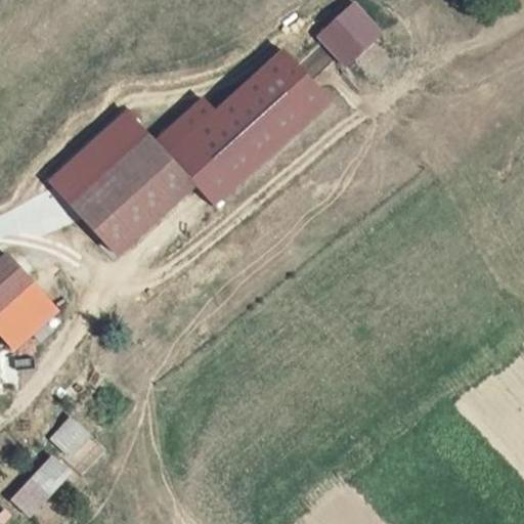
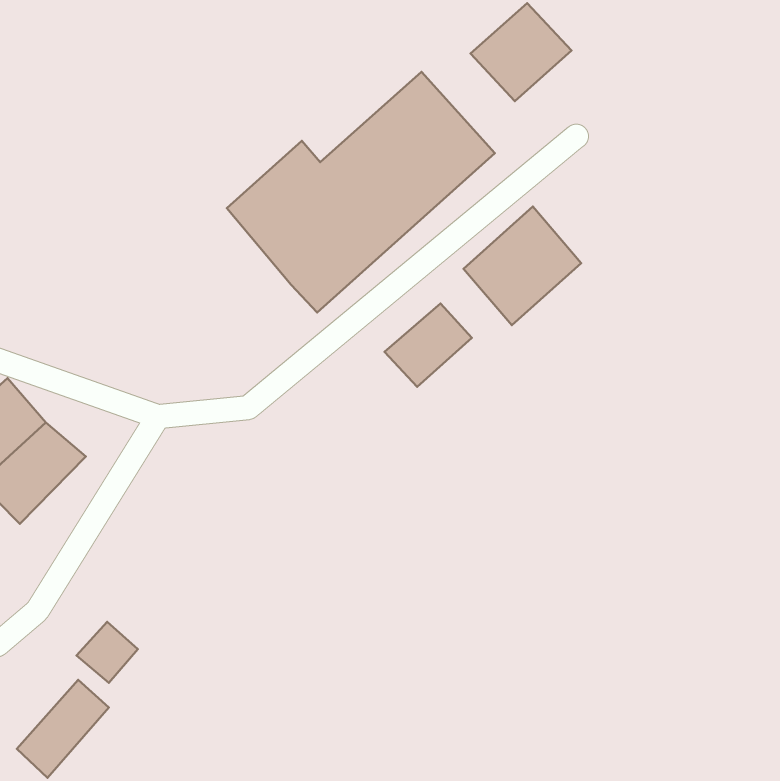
building: [49,108,194,256] -> none
building: none -> [464,207,581,325]
building: none -> [385,303,472,387]

